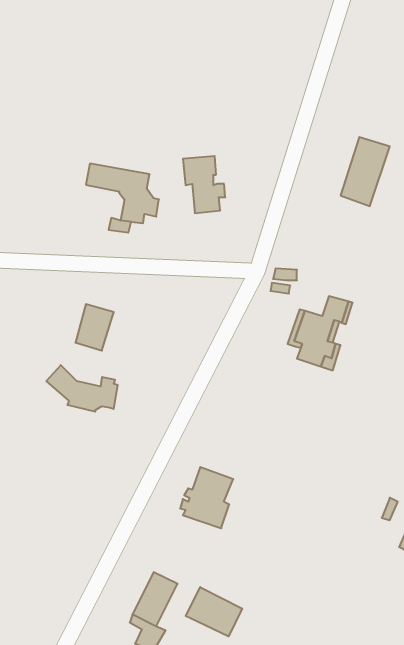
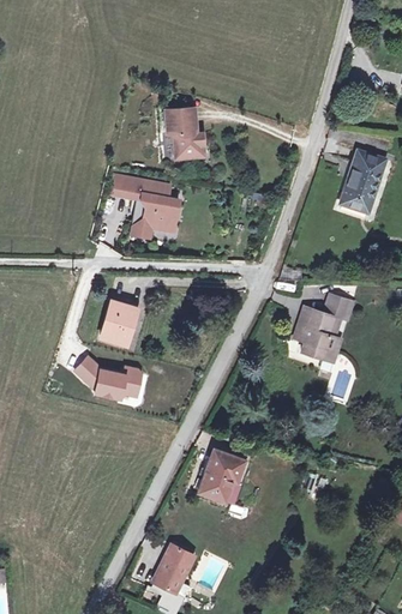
building: [183,156,225,213] -> [164,107,203,158]
building: [186,587,242,636] -> none

